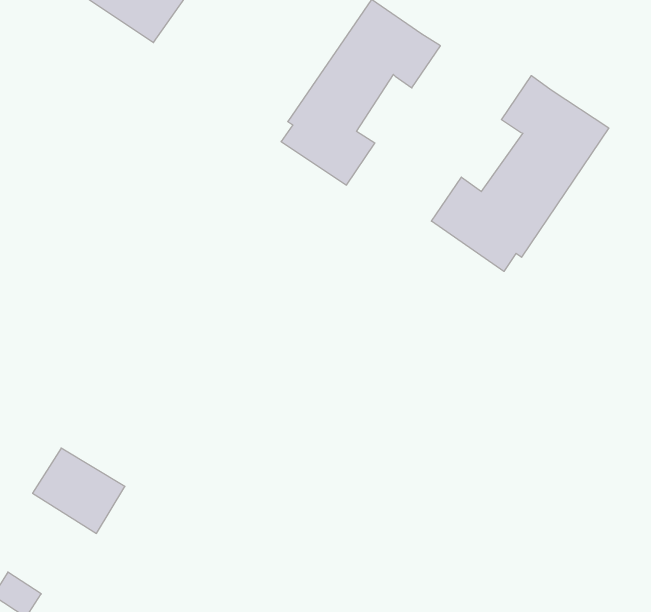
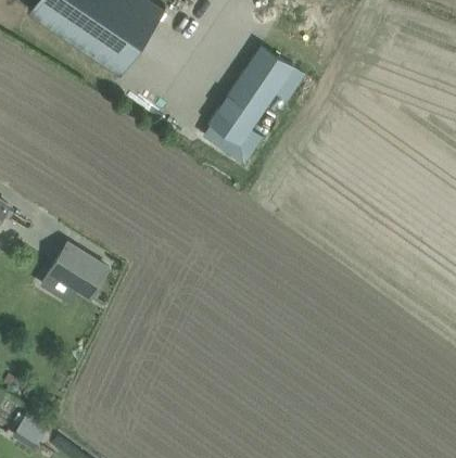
building: [431,76,609,271] -> none
building: [33,448,125,533] -> [50,245,110,301]

